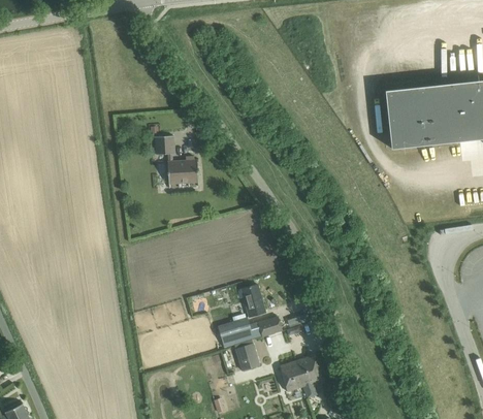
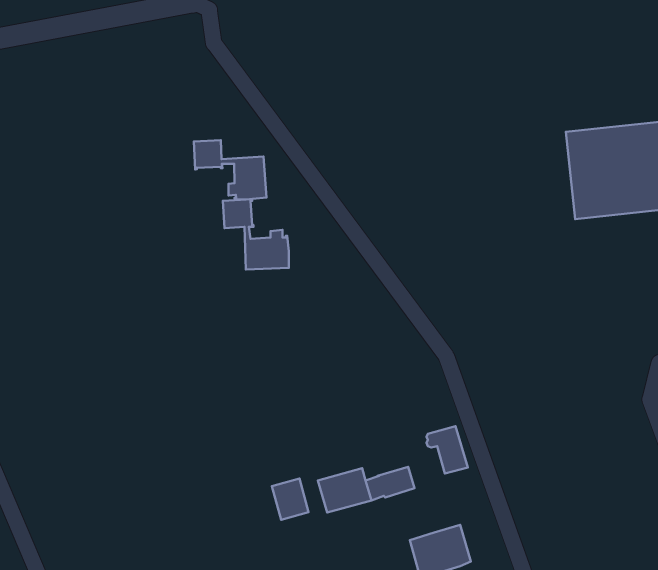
building: none -> [194,140,266,199]
building: [236,285,264,317] -> [426,426,468,474]
building: [234,344,259,372] -> [272,478,309,520]

